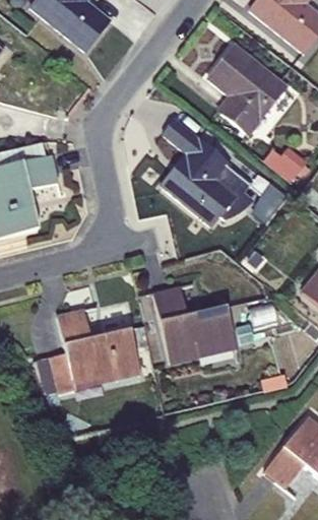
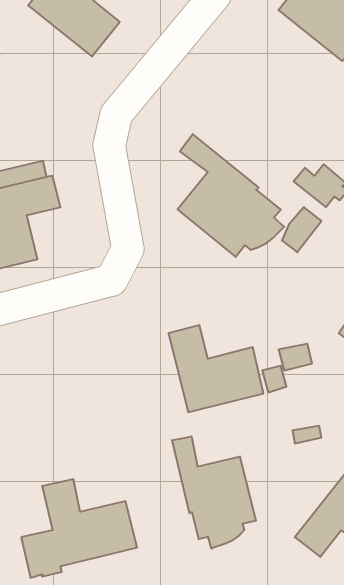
building: [208,44,289,135] -> none
building: [39,309,140,395] -> [21,479,137,578]
building: none -> [172,436,256,549]

